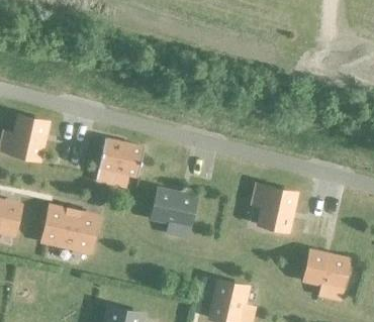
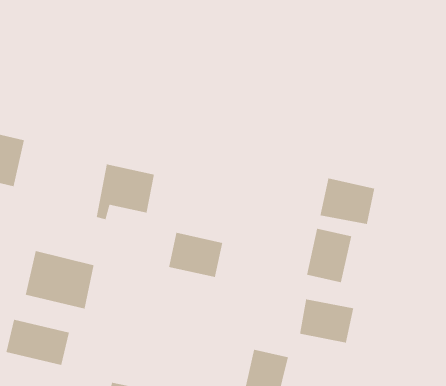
building: none -> [319,178,375,225]
building: [304,253,347,288] -> [299,299,354,343]
building: none -> [5,319,70,366]

